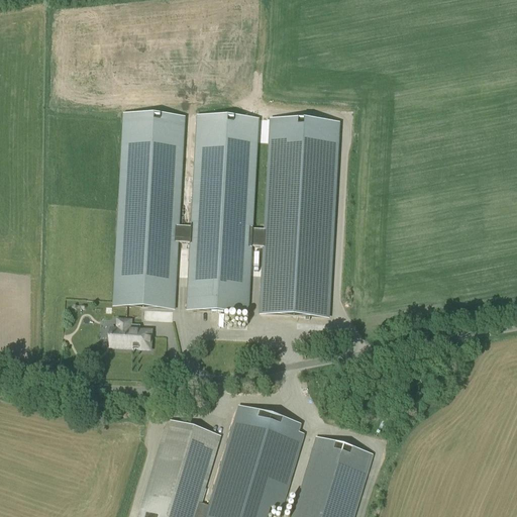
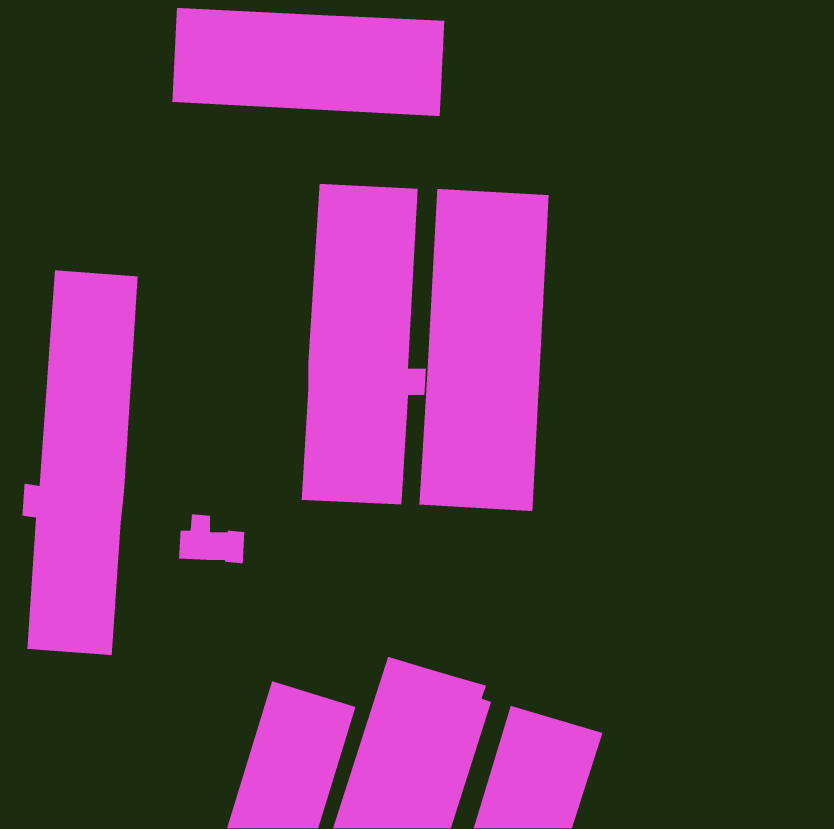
building: none -> [172,7,445,117]
building: [113,111,191,308] -> none
building: none -> [21,270,139,656]

